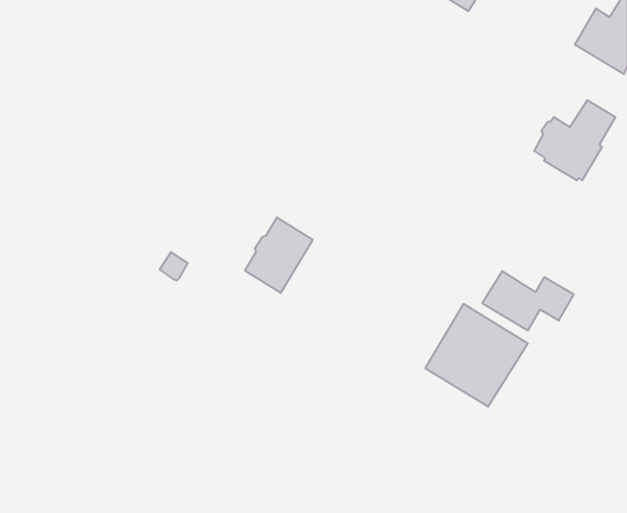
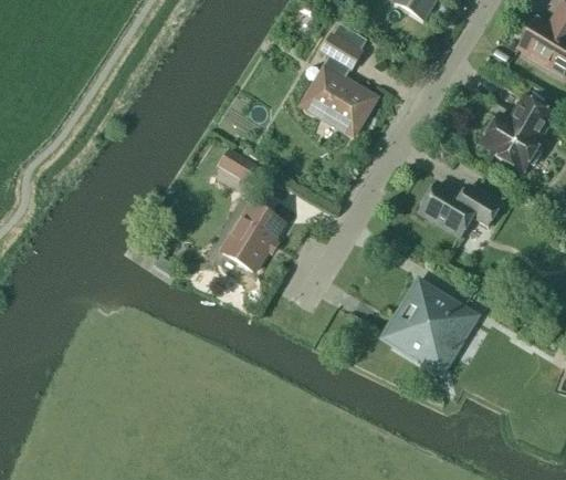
building: none -> [302,22,375,134]
building: none -> [221,148,260,182]
building: [482,271,574,330] -> [419,181,501,234]

